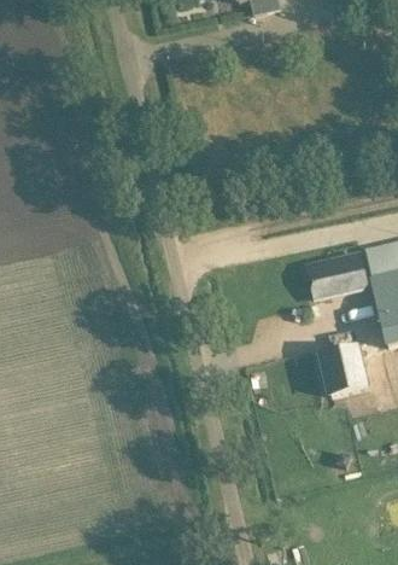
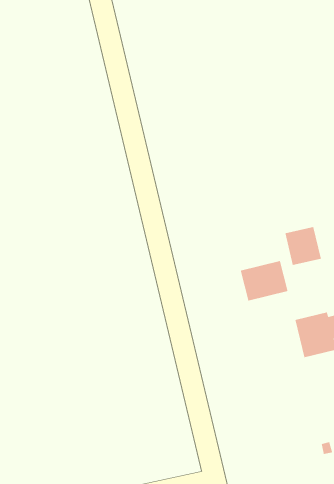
building: none -> [240,260,289,301]

